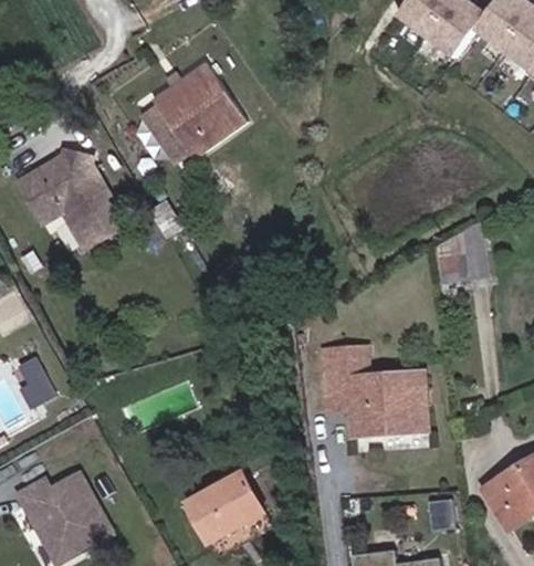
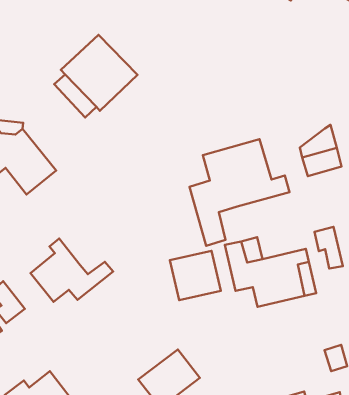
building: none -> [189,139,290,246]
building: none -> [31,238,113,302]
building: none -> [315,227,343,268]
building: none -> [170,251,221,300]

